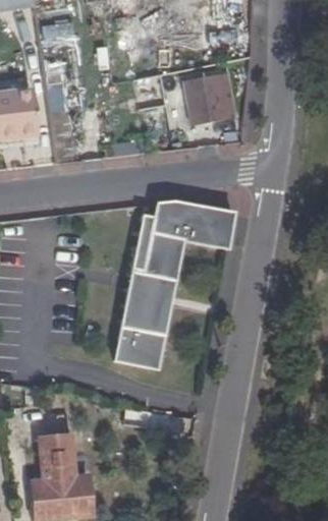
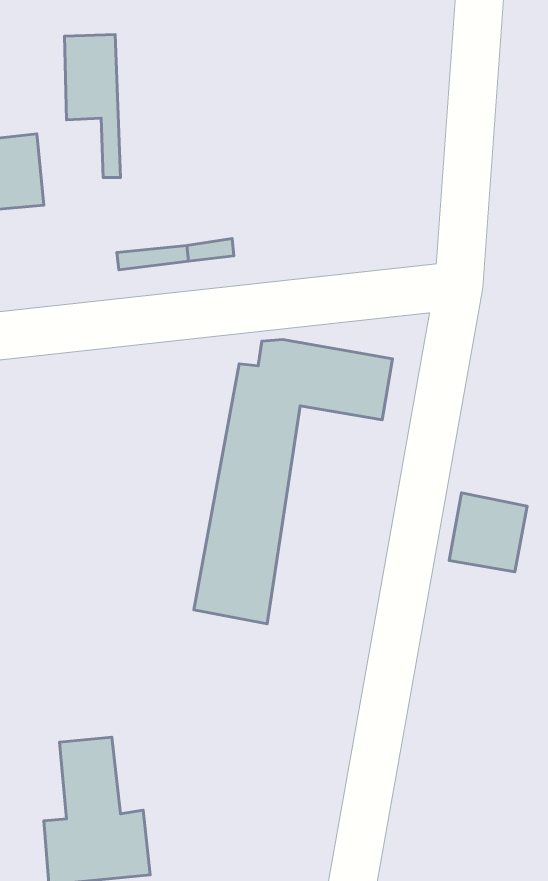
building: [181,73,233,125] -> none
building: none -> [449,493,527,572]

